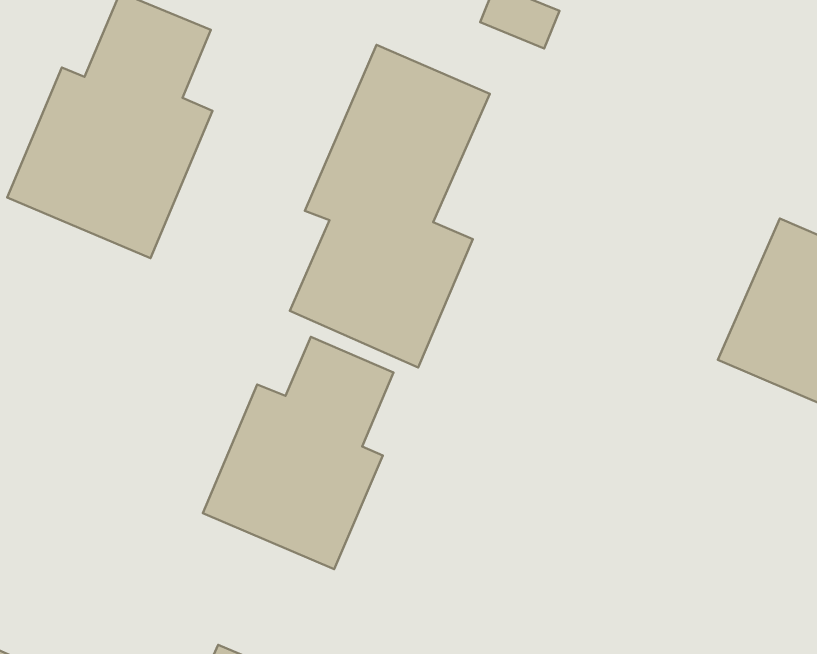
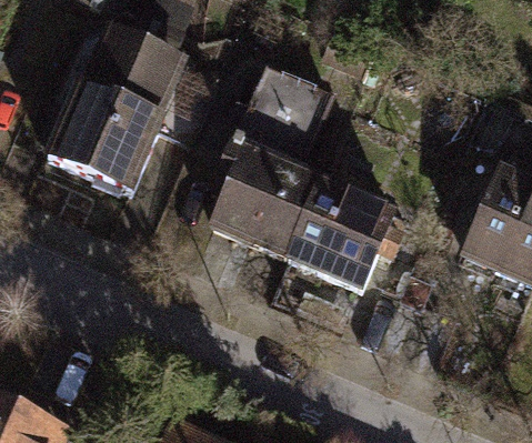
building: none -> [290,167,395,291]
building: [203,337,394,569] -> none

